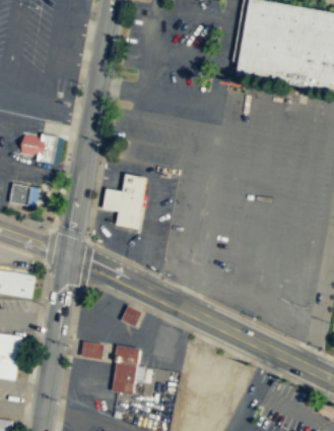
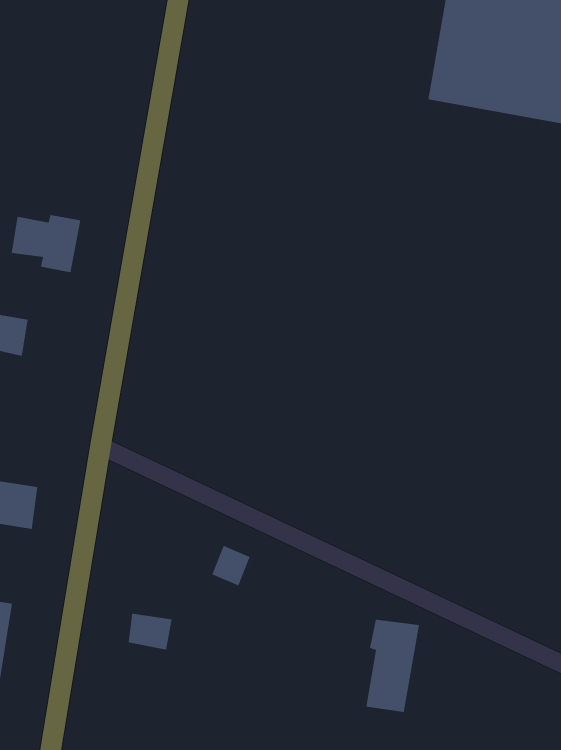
building: [102,172,145,228] -> none
building: [112,344,140,392] -> [365,619,420,713]

